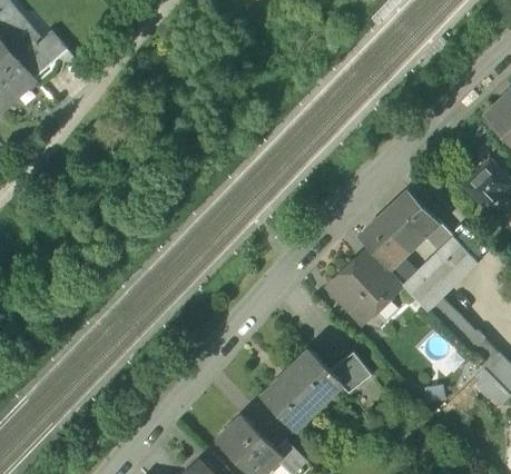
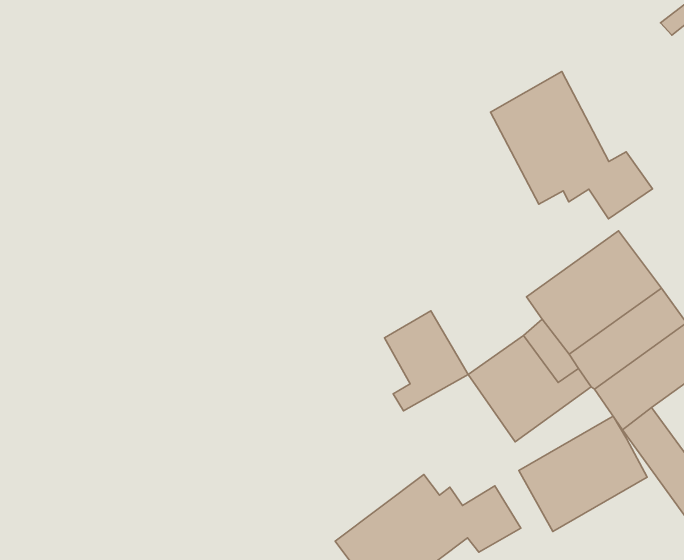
building: none -> [490,71,653,219]
building: none -> [384,311,468,411]
building: none -> [519,416,647,531]

